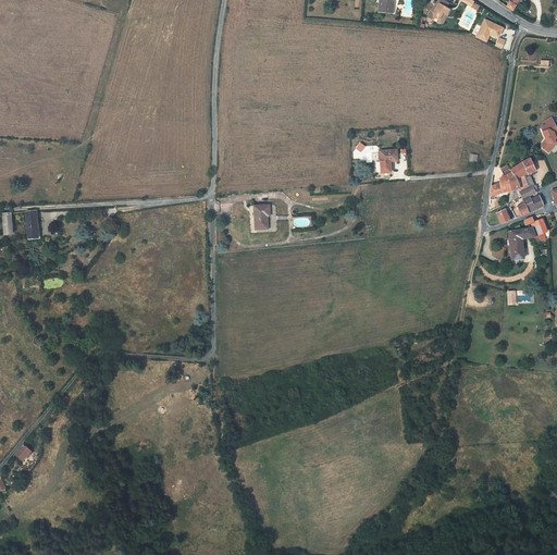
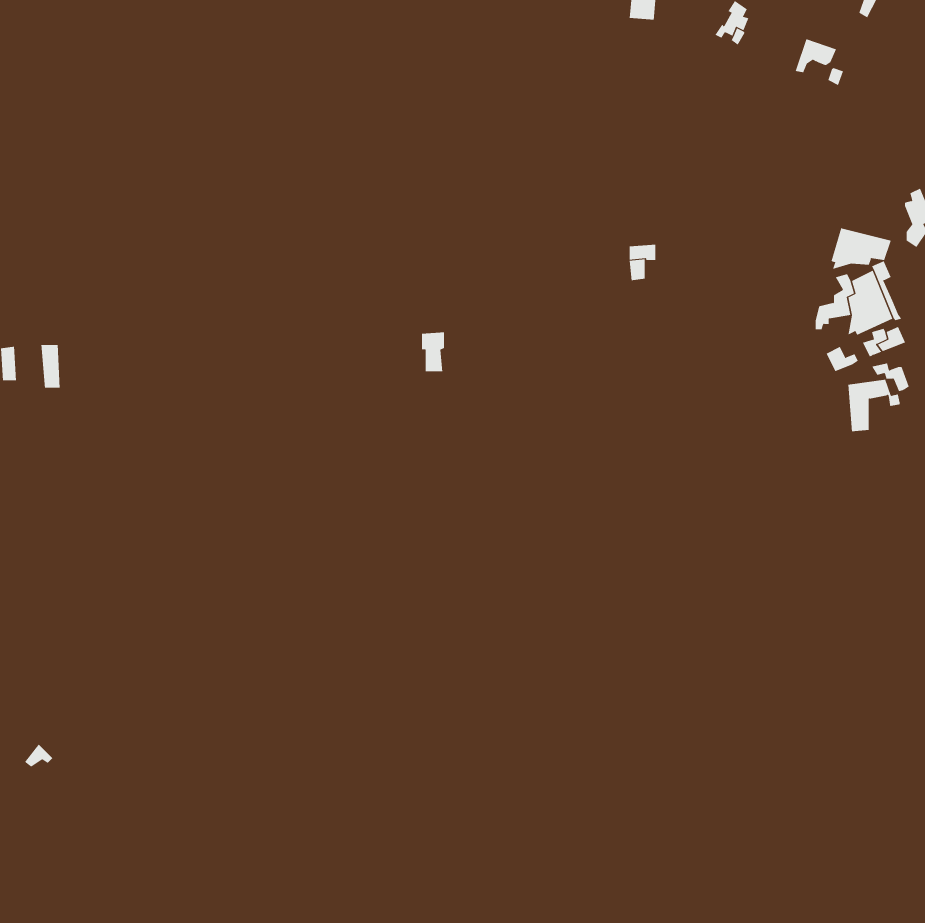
building: none -> [831,227,891,270]

